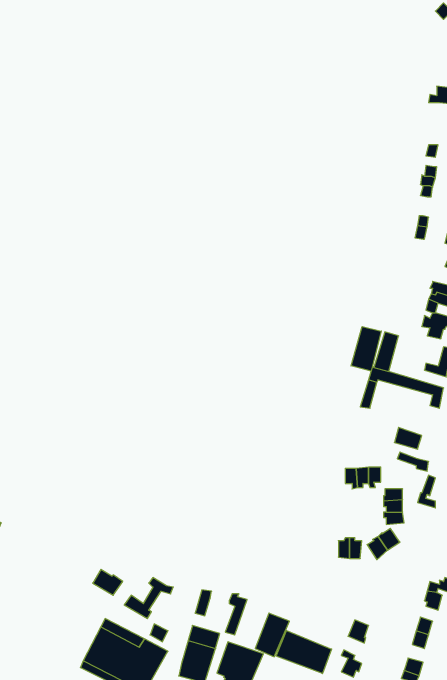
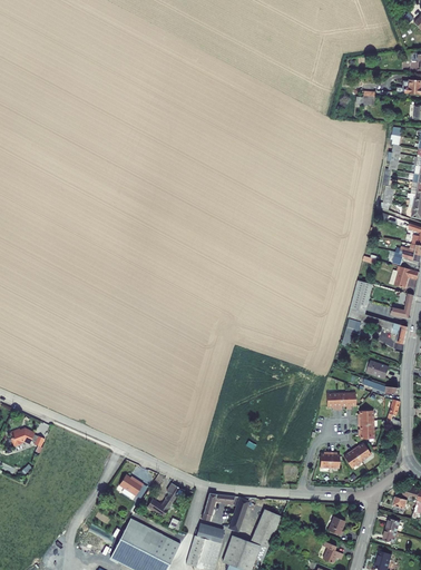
building: [351,327,381,371] -> none
building: [276,630,332,674] -> none

